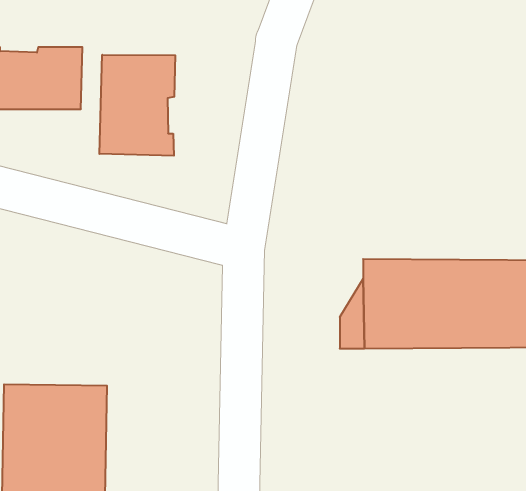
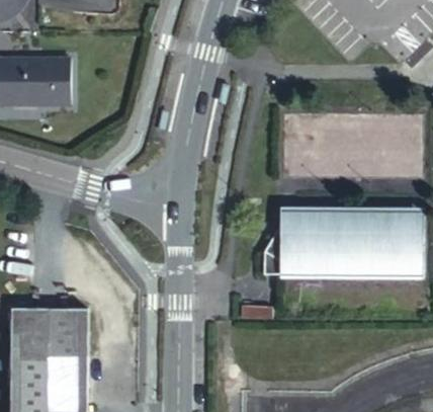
building: [99,55,175,156] -> none

